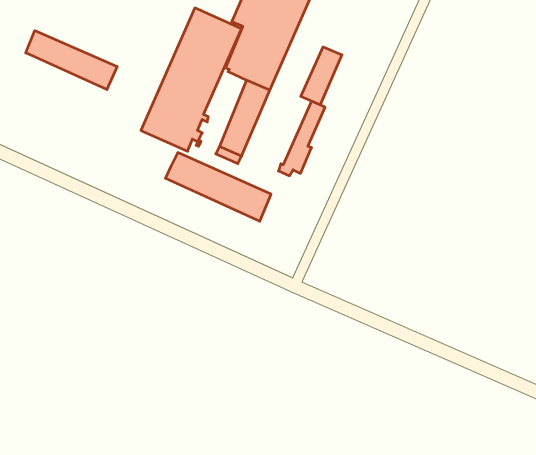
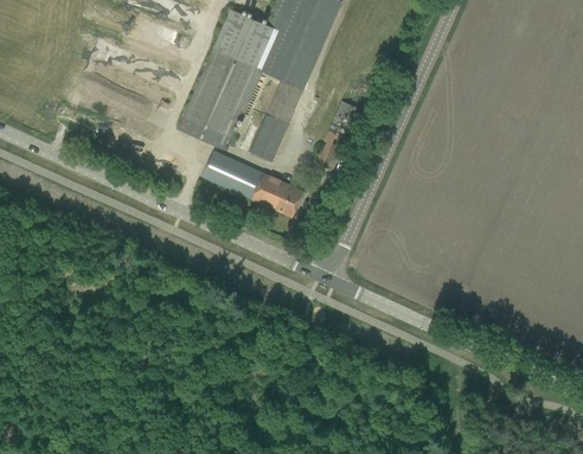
building: [26,31,117,90] -> none
building: [301,47,342,105] -> none

